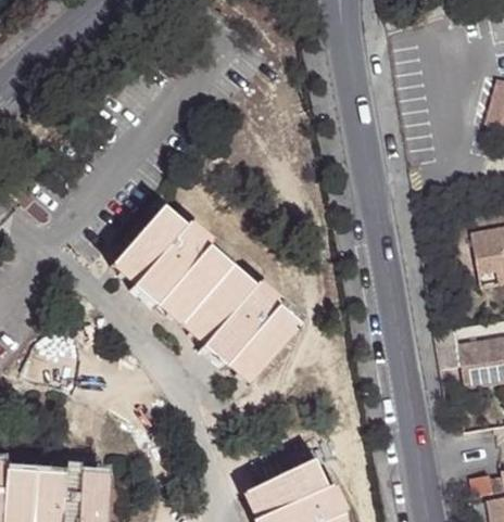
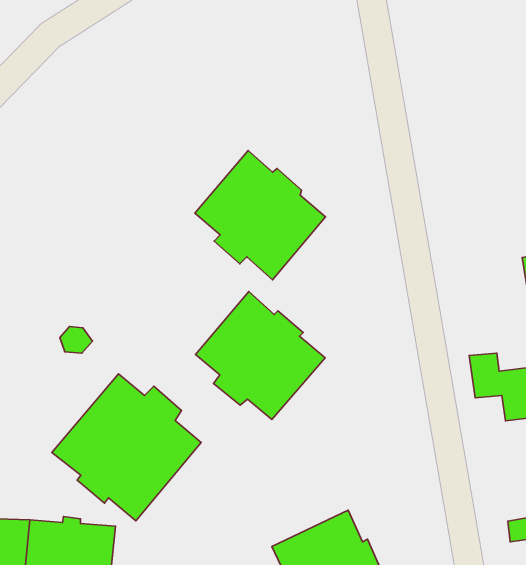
building: [114,206,231,322] -> [195,150,326,280]
building: none -> [52,374,201,521]

